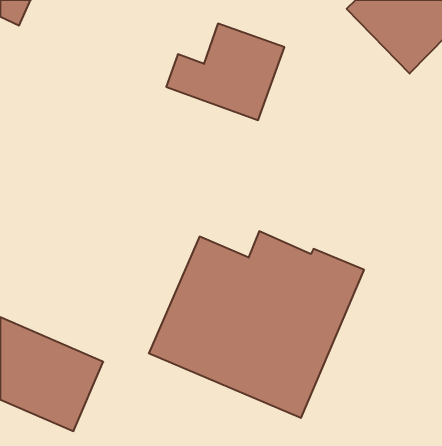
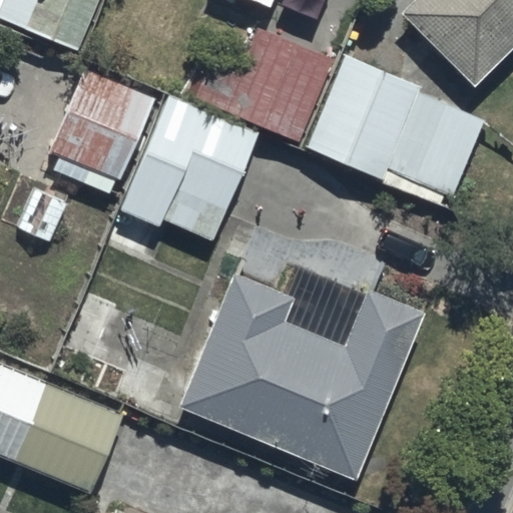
building: none -> [307,54,486,212]
building: none -> [49,67,153,195]
building: none -> [118,93,260,255]

